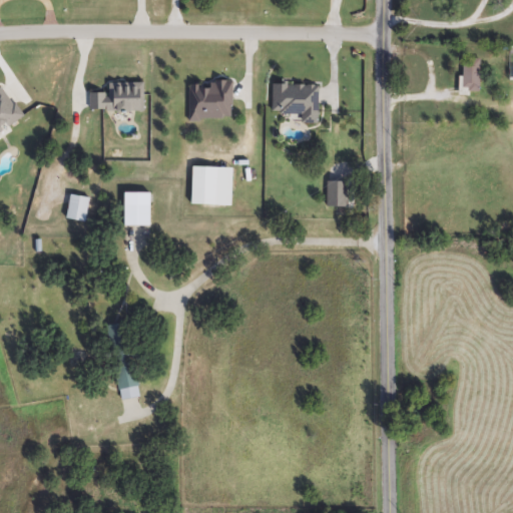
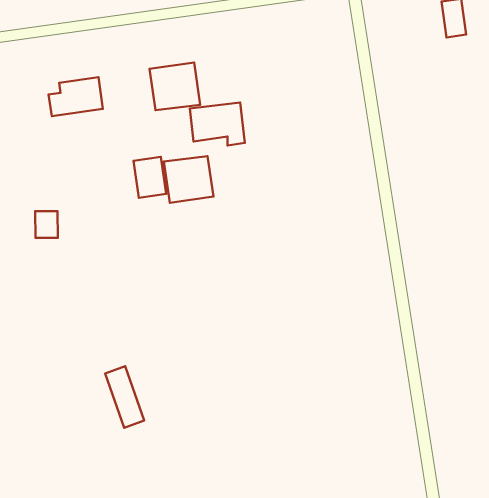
building: [272,83,319,121] -> [190,102,245,145]
building: [327,181,347,205] -> none
building: [124,191,149,225] -> [133,157,166,198]

